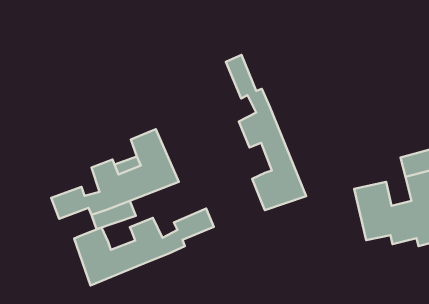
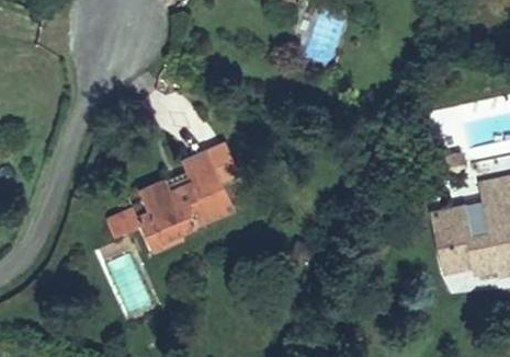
building: [226,55,306,210] -> none
building: [74,209,214,286] -> none

